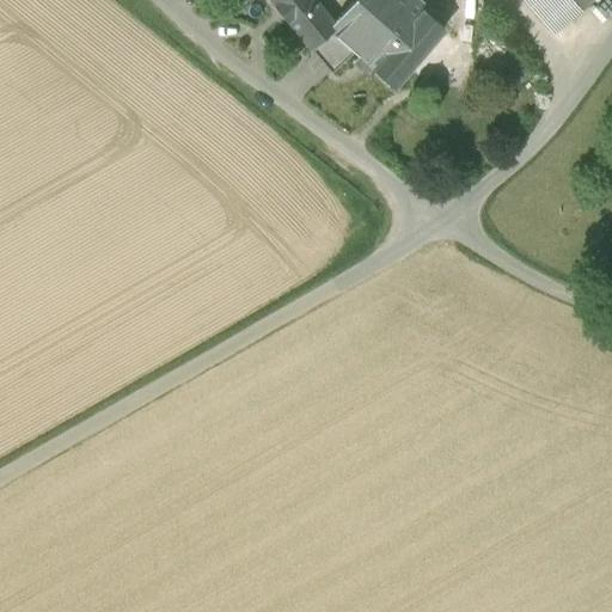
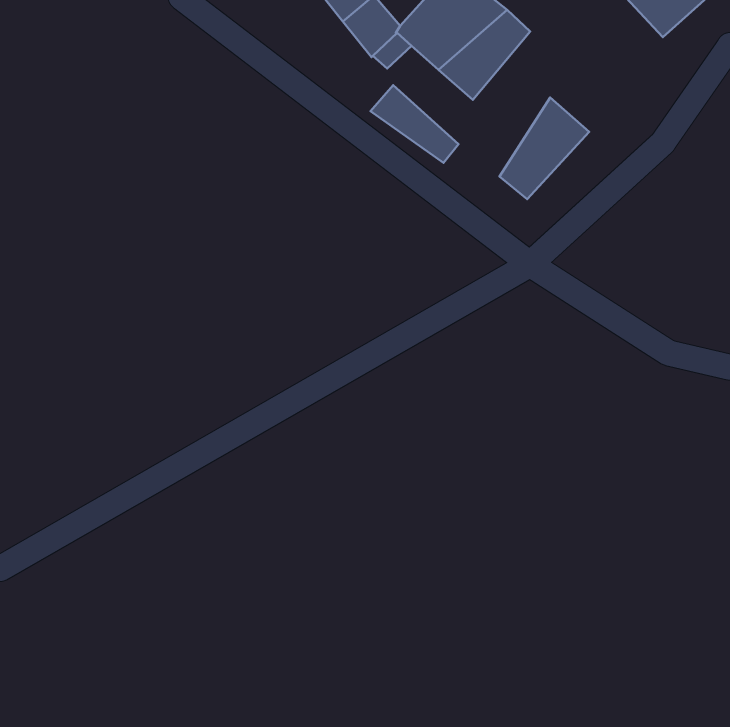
building: none -> [370,85,458,163]
building: none -> [499,98,589,199]

